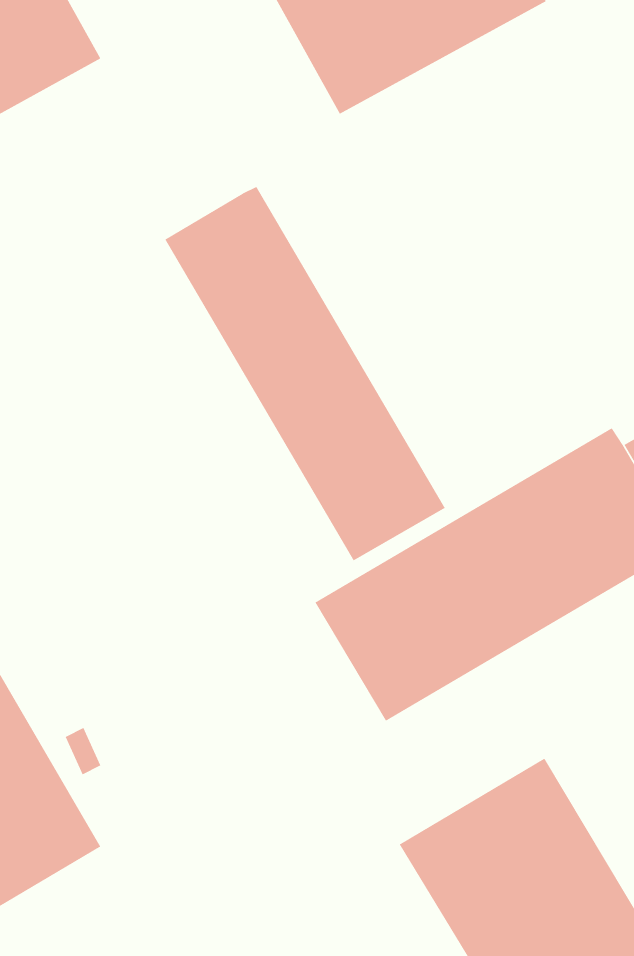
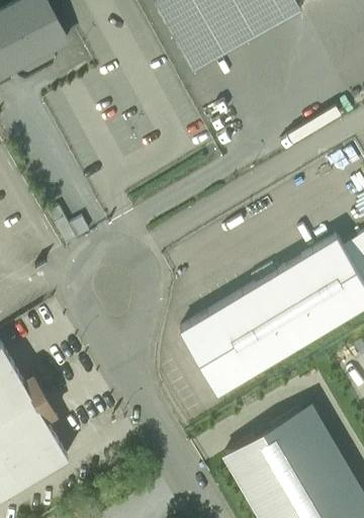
building: [164,186,446,561] -> none

